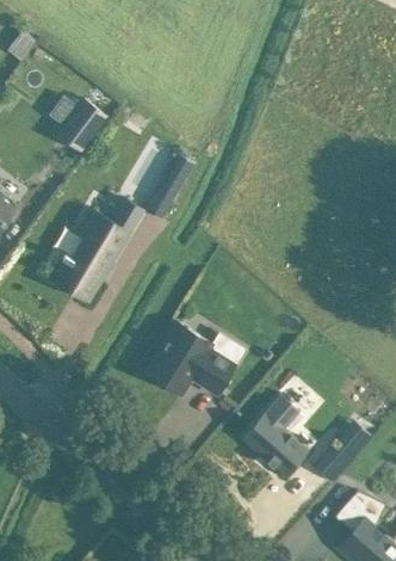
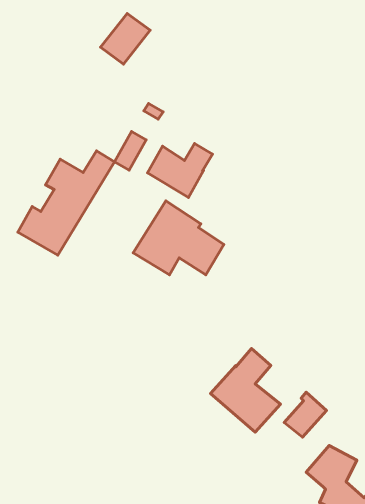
building: [56,99,105,149] -> [101,13,150,64]
building: none -> [148,144,212,197]
building: [144,321,234,394] -> [133,201,224,275]

